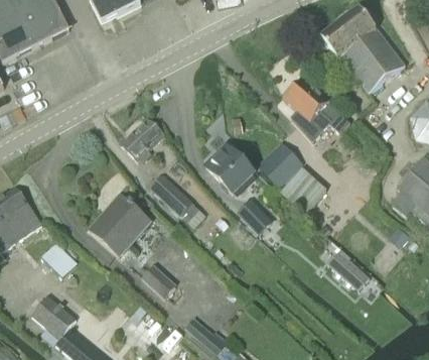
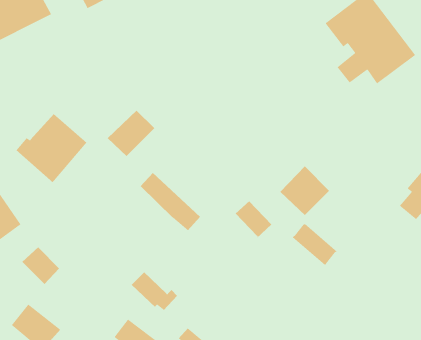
building: [285,79,348,132] -> none
building: [258,142,301,187] -> none
building: [204,144,253,193] -> none
building: [85,193,151,257] -> [16,113,88,183]
building: [327,250,370,289] -> [292,223,338,266]

